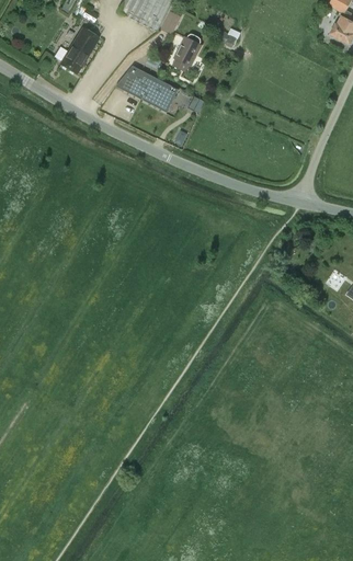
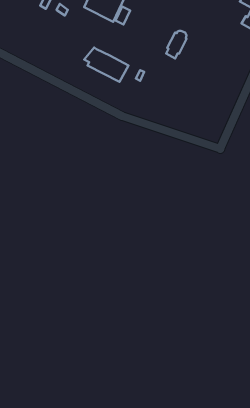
building: [54,27,98,72] -> none
building: [173,34,201,71] -> [166,31,187,59]

